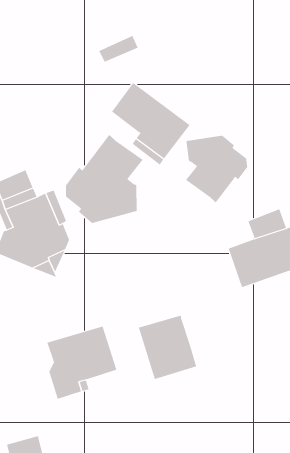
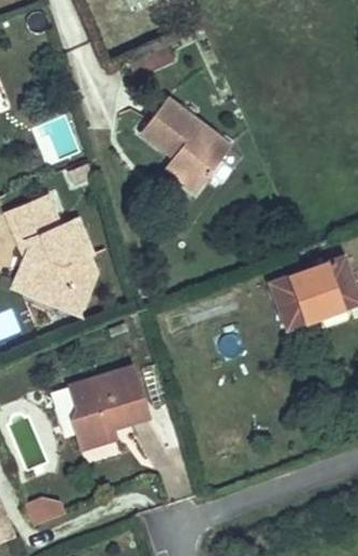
building: [65,134,143,224] -> none
building: [185,135,248,203] -> none
building: [138,315,197,380] -> none

